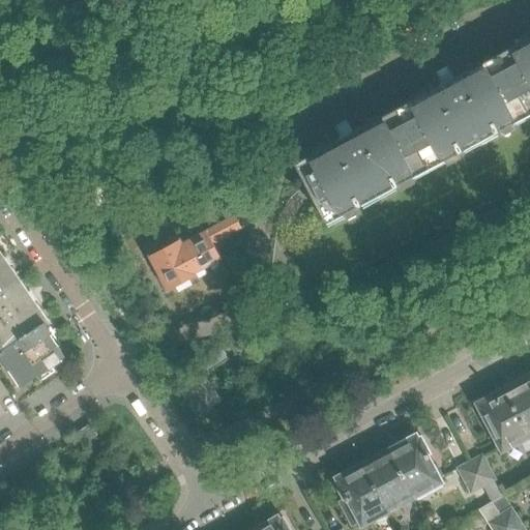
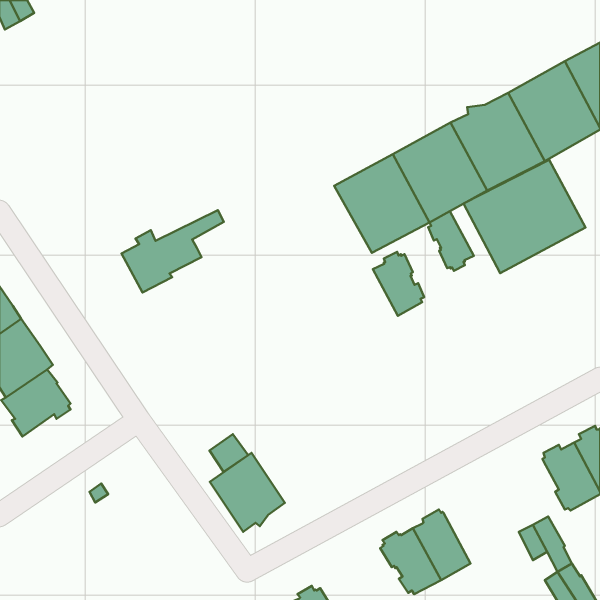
building: none -> [463,160,586,273]
building: none -> [428,211,474,271]
building: [150,218,240,291] -> [121,210,224,292]
building: none -> [373,252,424,316]
building: none -> [210,453,285,532]
building: [390,435,442,497] -> none

